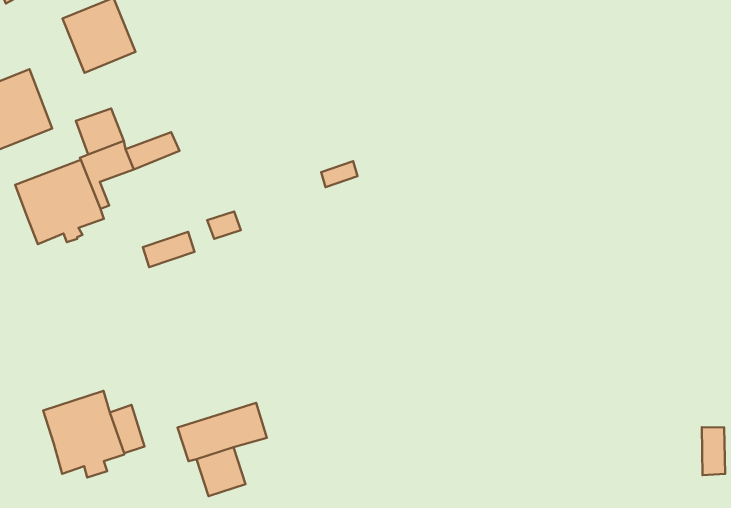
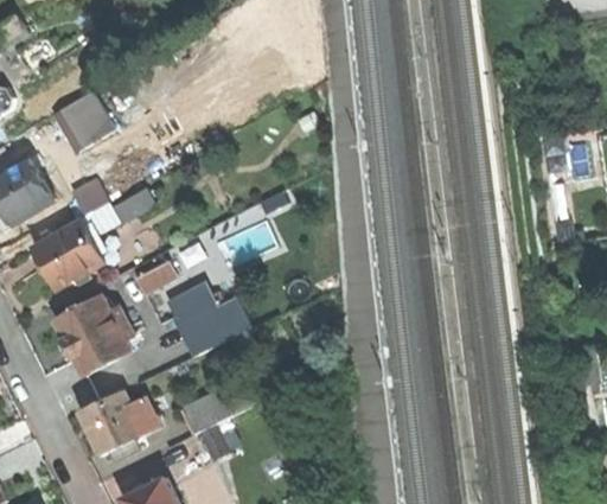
building: none -> [55,296,133,375]
building: none -> [165,281,250,355]

